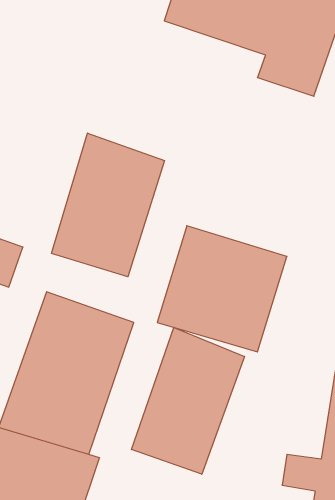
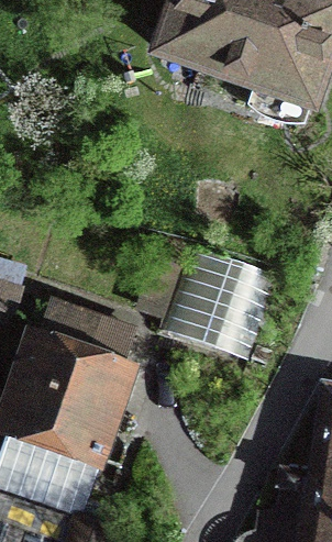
building: [52,133,165,277] -> none
building: [132,327,244,474] -> none

